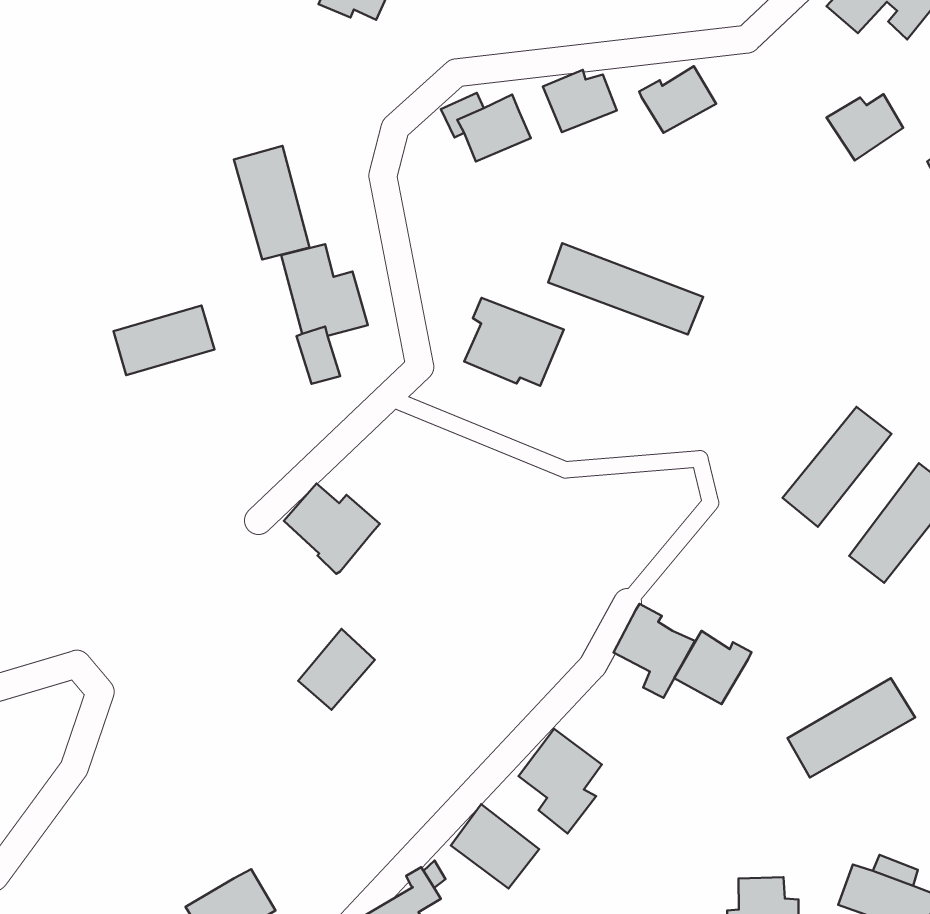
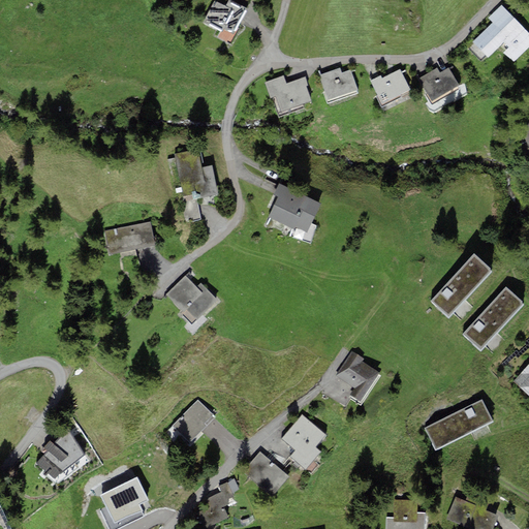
building: [826,94,903,161] -> [418,67,459,101]
building: [234,146,310,260] -> none
building: [548,243,703,335] -> none
building: [113,305,214,375] -> [103,221,156,255]
building: [298,629,375,710] -> [174,400,215,442]
building: [674,631,751,704] -> none
building: none -> [36,431,84,478]

